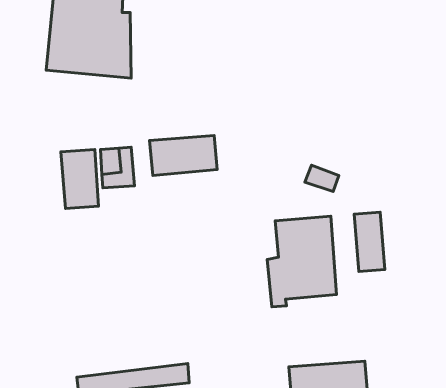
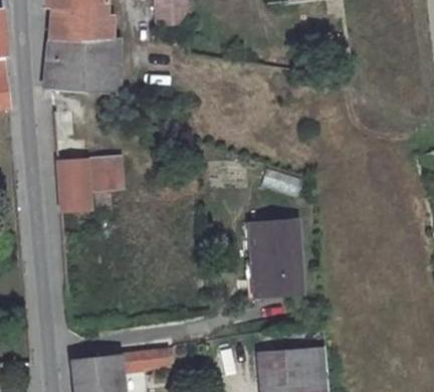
building: [150,136,217,176] -> none
building: [354,212,385,272] -> none

